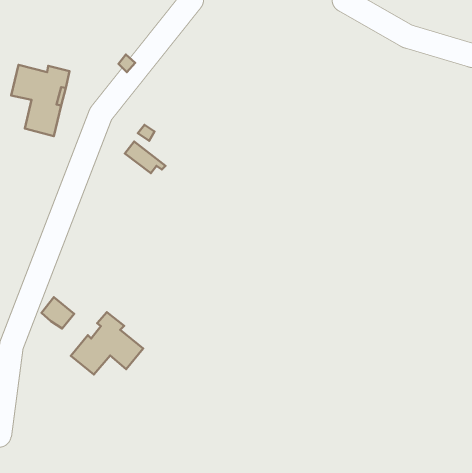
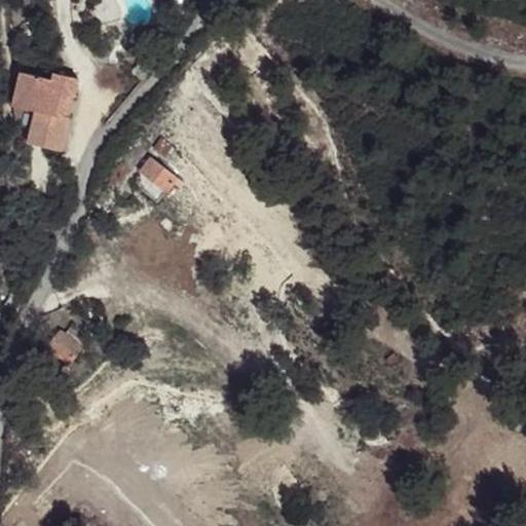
building: [71,312,143,374] -> none

